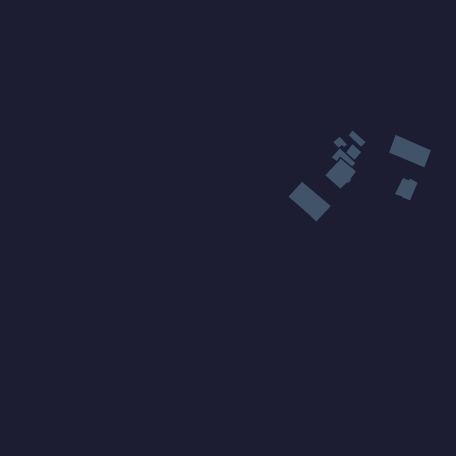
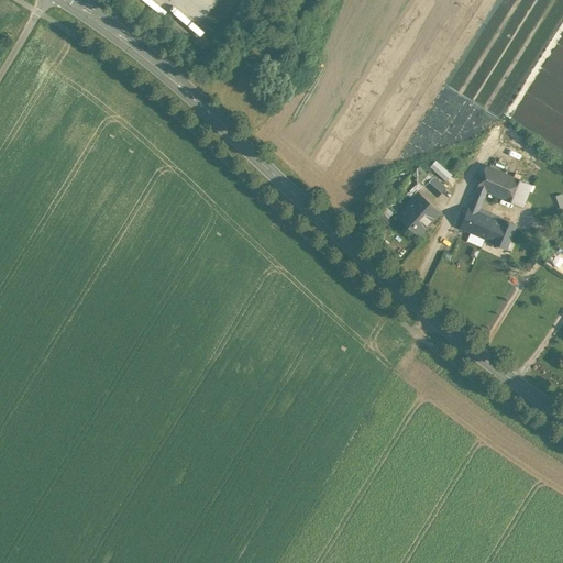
building: none -> [462,189,496,240]
building: [287,181,332,222] -> none

